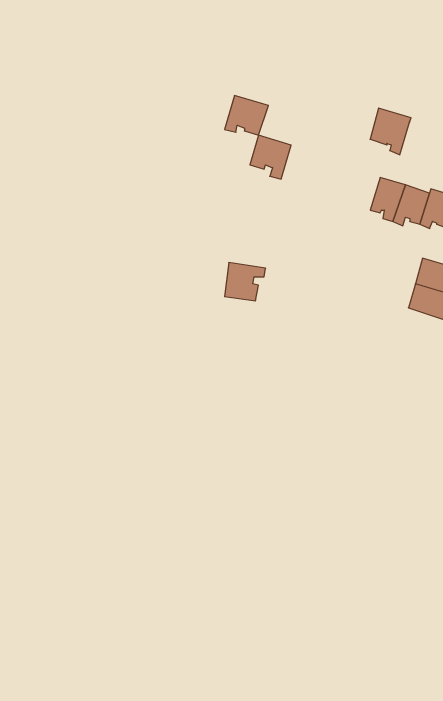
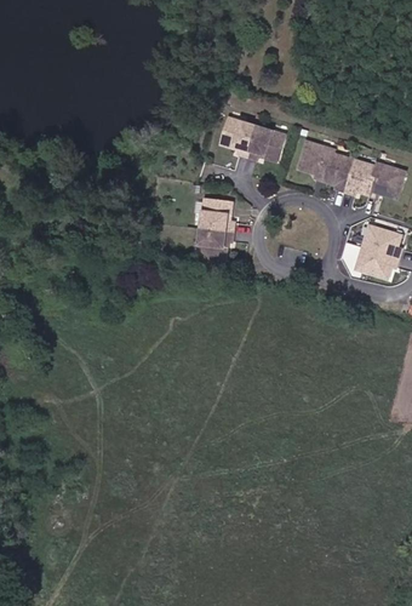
building: [225,96,268,135] -> [247,125,285,159]
building: [370,108,411,155] -> [298,141,333,181]
building: none -> [202,196,235,230]

